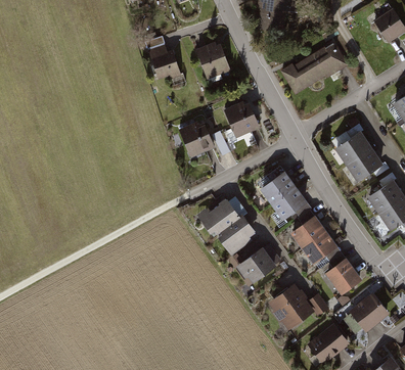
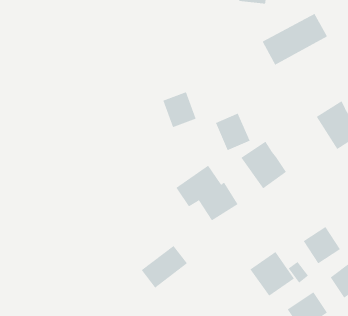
building: [195,40,229,79] -> none
building: [148,45,180,78] -> none
building: [223,98,259,137] -> [215,113,250,151]
building: [289,215,338,264] -> none
building: [233,241,281,285] -> [141,245,188,288]

